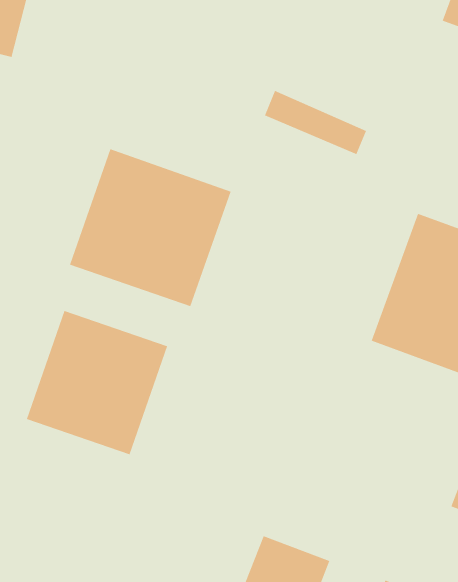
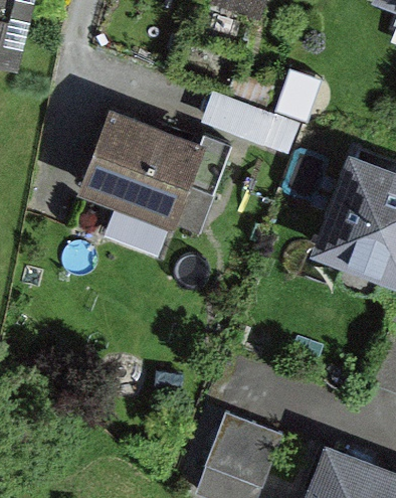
building: [26,310,168,455] -> none

